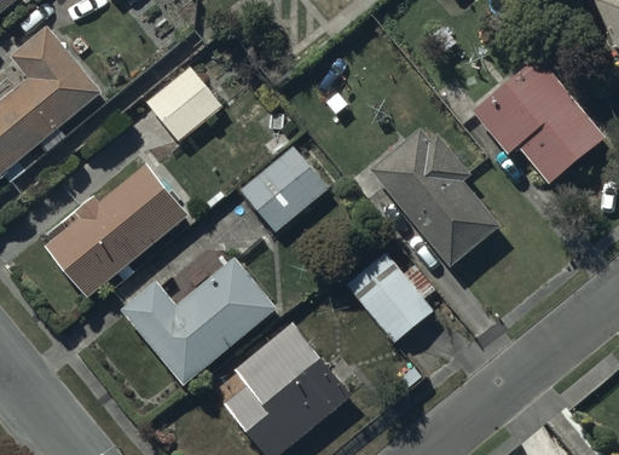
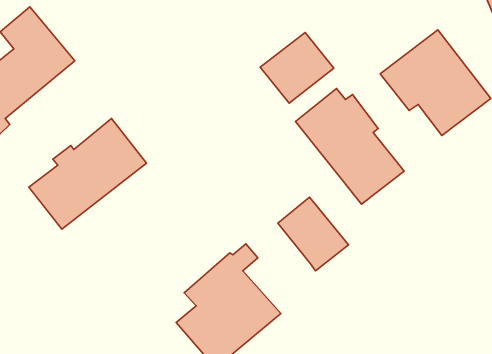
building: [145,65,221,142] -> none
building: [238,146,328,232] -> [260,32,334,103]
building: [121,255,276,385] -> none

